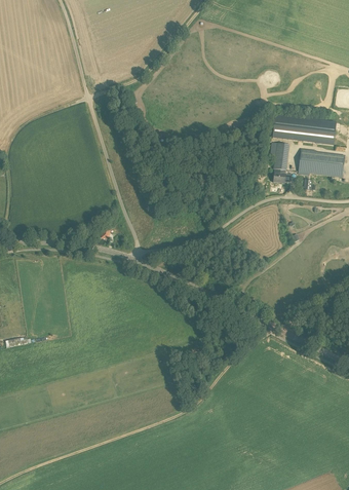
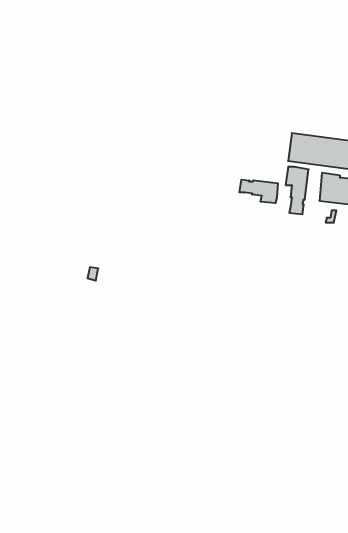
building: none -> [239,180,278,203]

